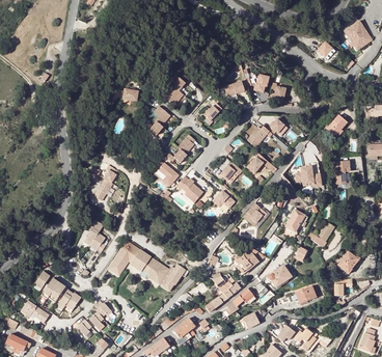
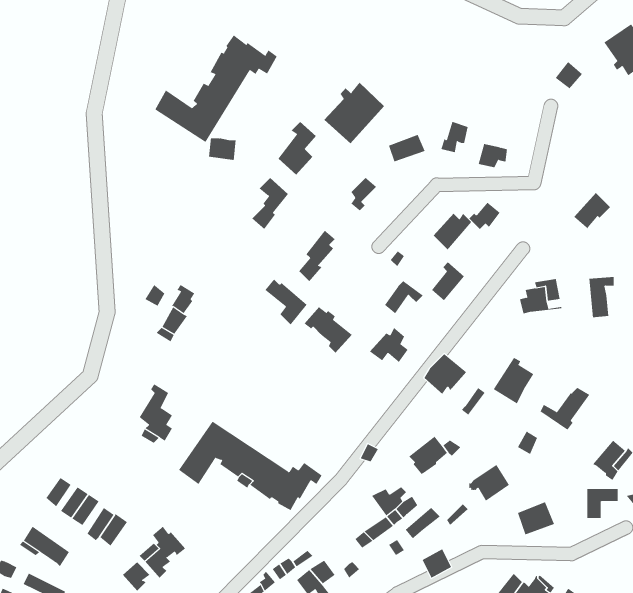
building: none -> [155,35,278,143]
building: none -> [323,82,385,144]

